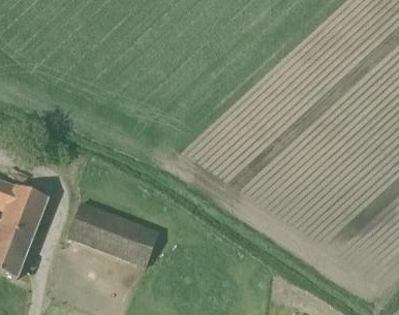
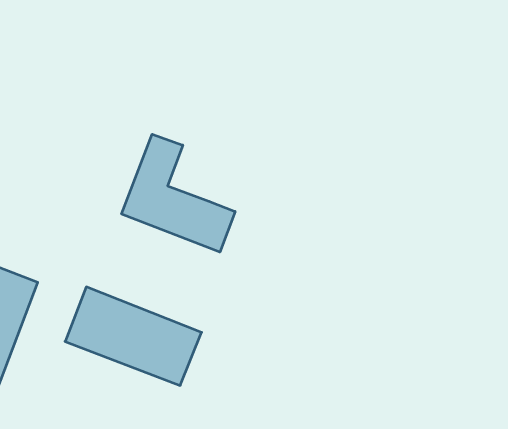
building: none -> [122,134,235,252]

